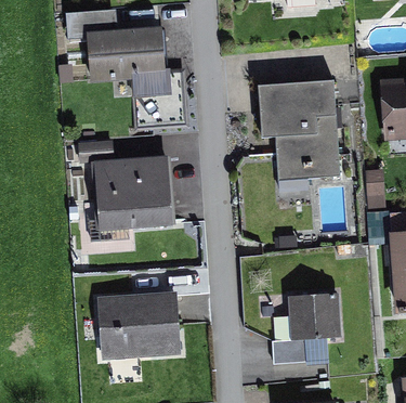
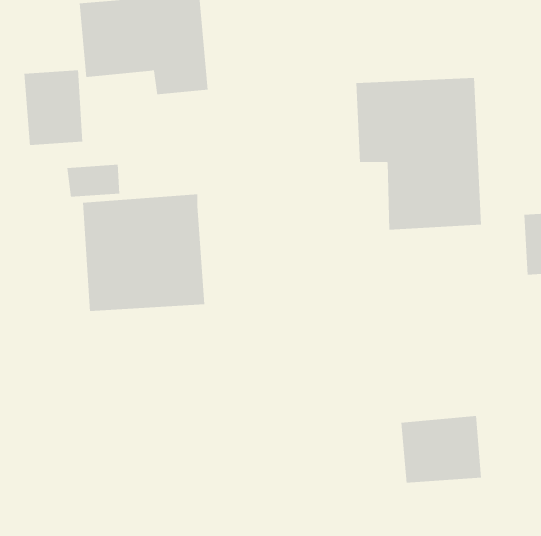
building: none -> [24,69,83,146]
building: [99,291,178,356] -> none
building: [272,338,309,365] -> none

